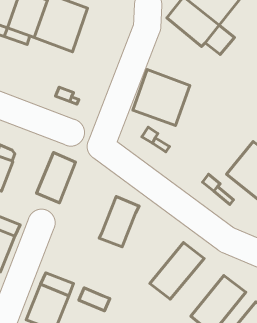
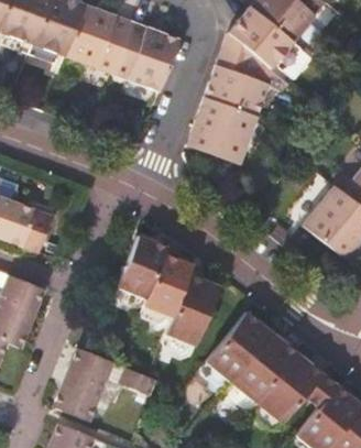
building: none -> [110,20,179,91]
building: none -> [203,32,286,116]
building: [37,152,76,203] -> [118,236,166,298]
building: none -> [165,274,219,346]
building: none -> [231,330,297,402]

